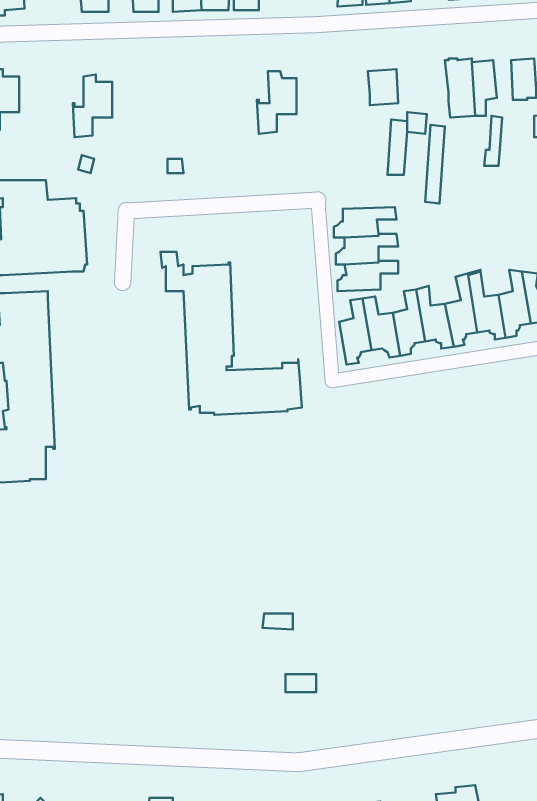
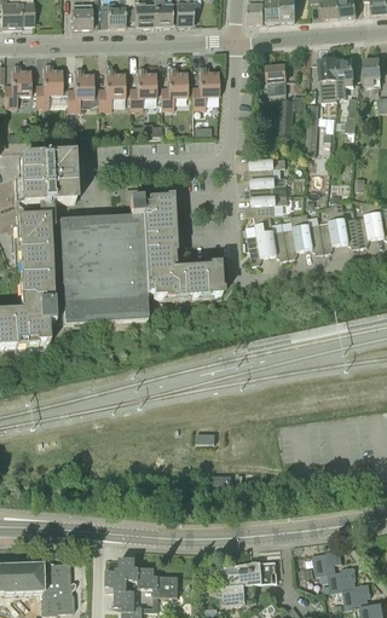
building: none -> [36,64,63,105]
building: none -> [131,67,157,109]
building: none -> [162,67,189,108]
building: none -> [99,68,126,109]
building: none -> [51,213,148,322]

